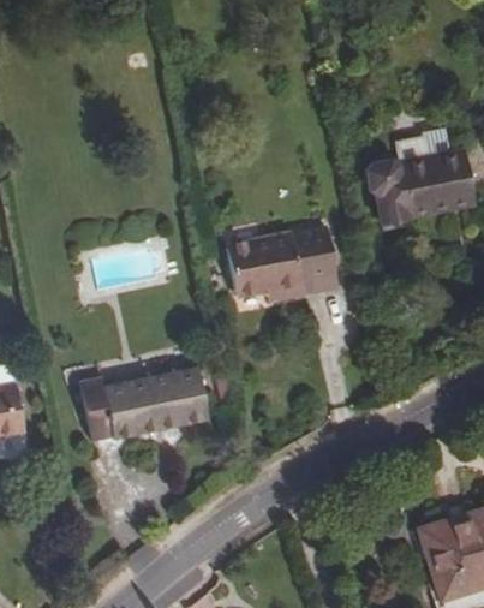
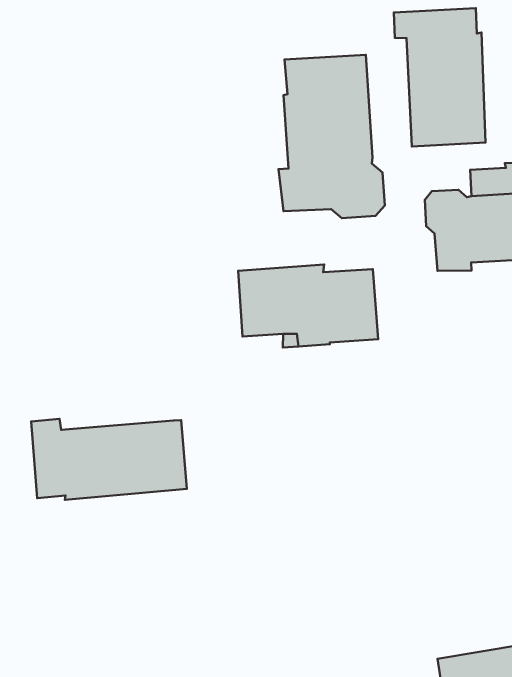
building: none -> [394,8,486,146]
building: none -> [279,55,385,218]

